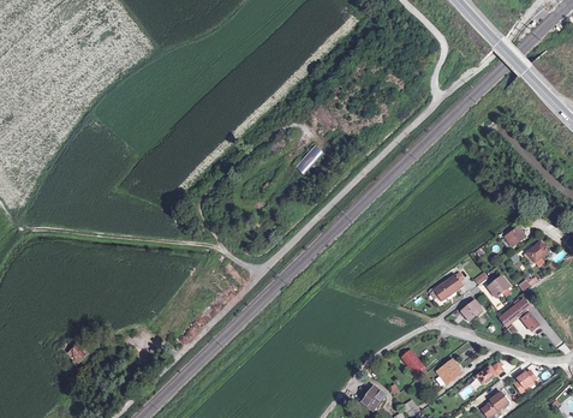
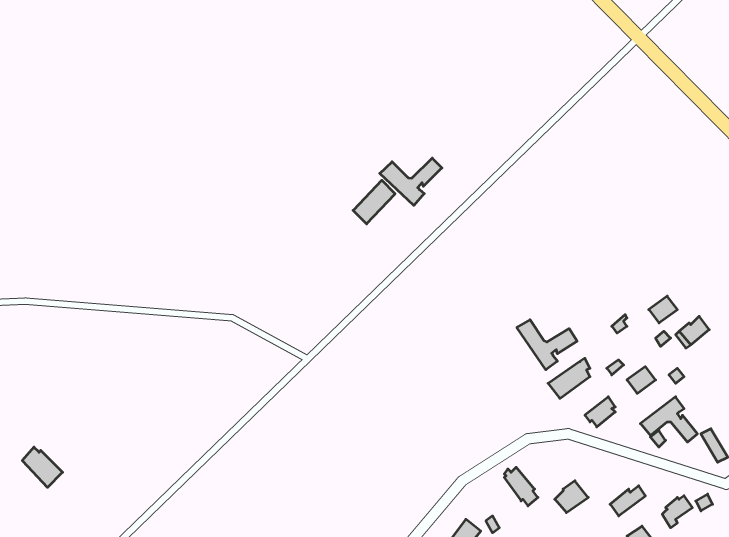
building: none -> [380,158,442,205]
building: none -> [517,320,577,370]

